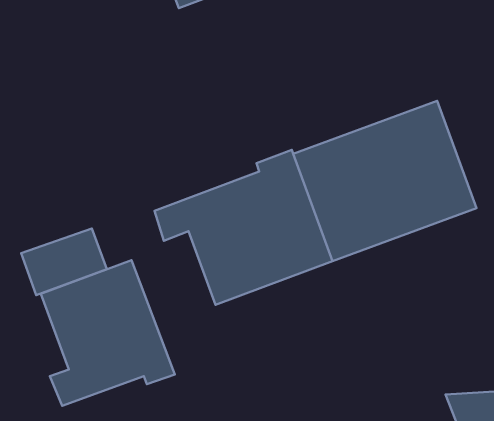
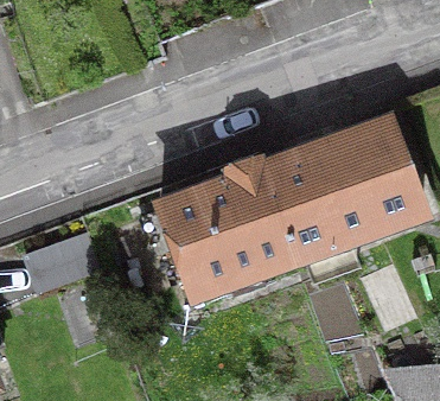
building: [41,260,175,406] -> none

